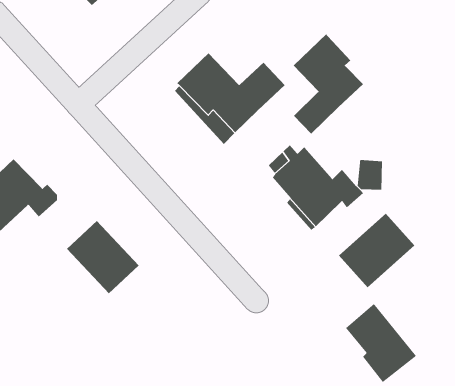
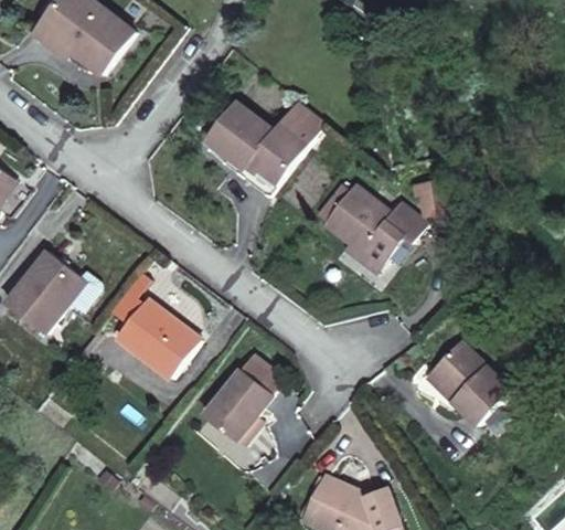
building: [293,33,364,134] -> none
building: [338,213,415,288] -> none
building: none -> [201,354,276,441]

